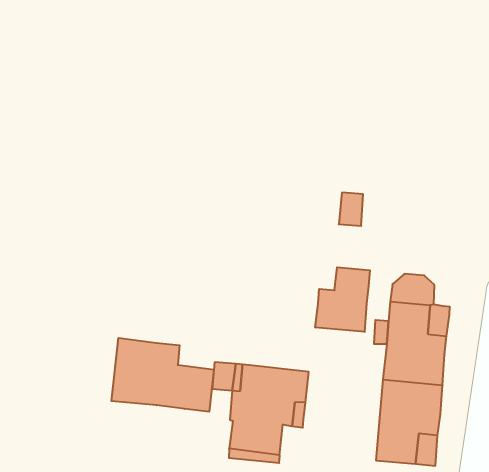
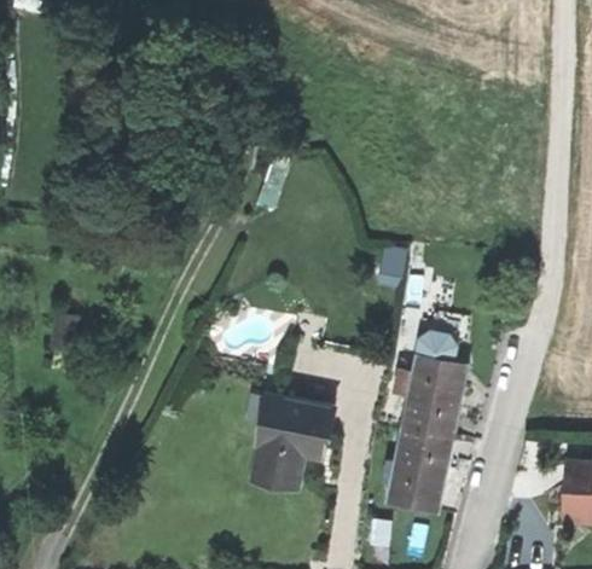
building: [315,267,370,332] -> none
building: [111,338,214,412] -> none

